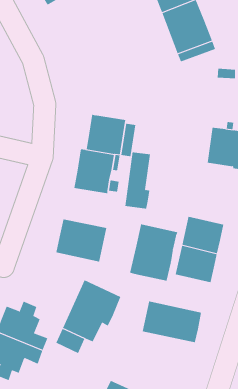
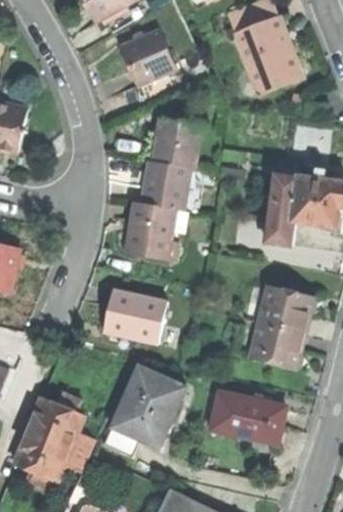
building: none -> [118,30,175,87]
building: none -> [151,119,202,168]
building: [125,152,151,209] -> [263,173,296,245]
building: [129,223,178,282] -> none

